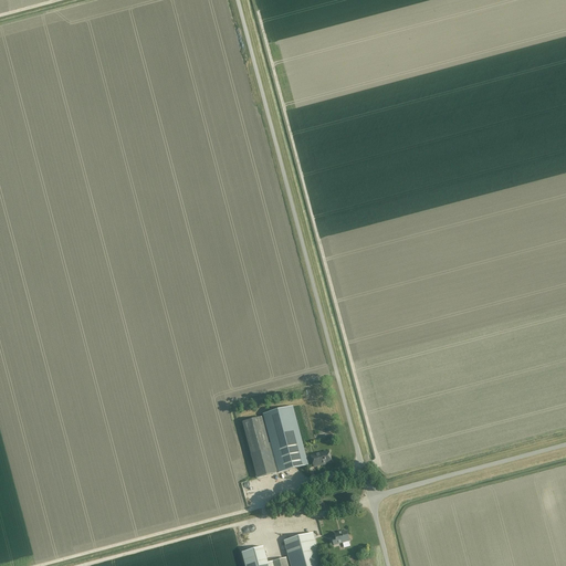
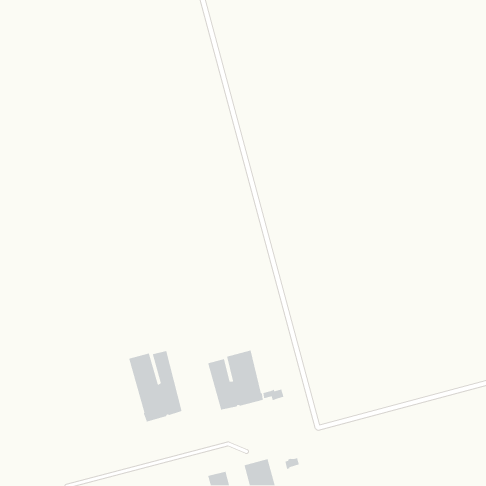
building: none -> [128,350,183,423]

